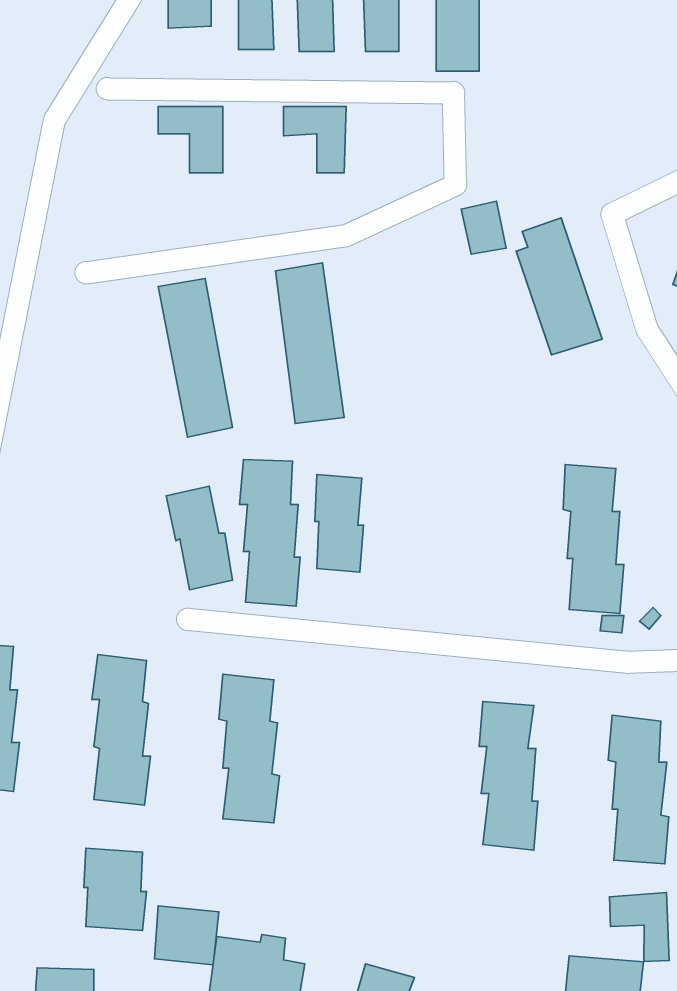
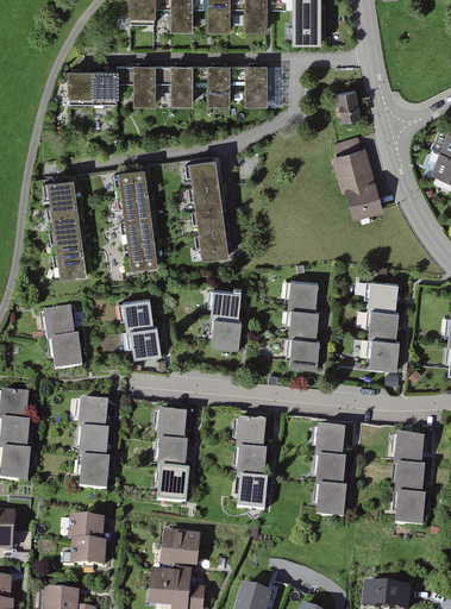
building: none -> [231,64,269,106]
building: none -> [156,65,193,107]
building: none -> [69,71,117,99]
building: [461,201,506,254] -> [336,87,363,119]
building: none -> [48,181,90,276]
building: [240,459,300,606] -> [284,281,321,370]
building: none -> [43,308,83,370]
building: none -> [232,419,269,509]
building: [609,893,669,961] -> none
building: [154,906,219,965] -> [163,530,202,566]

